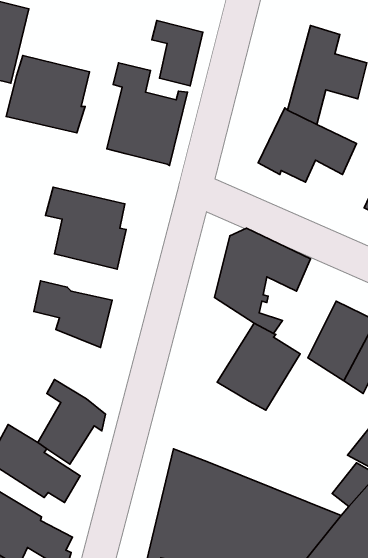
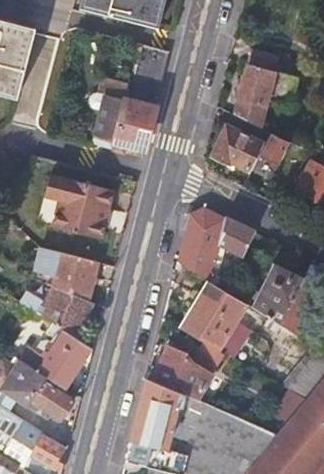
building: [6,55,90,133] -> none
building: none -> [42,286,93,340]
building: none -> [146,342,224,397]

